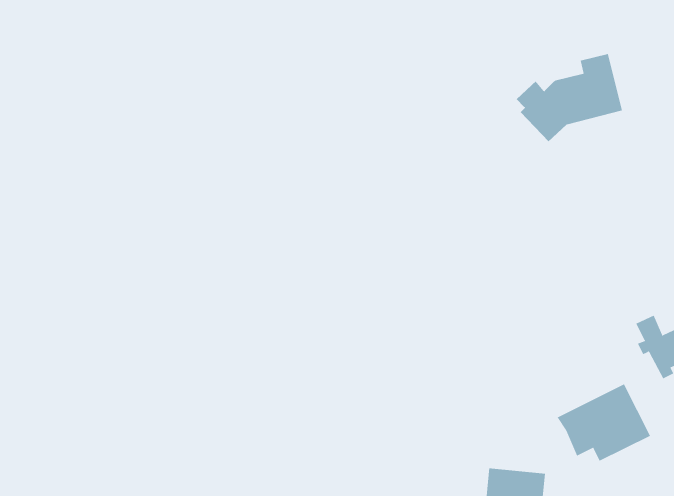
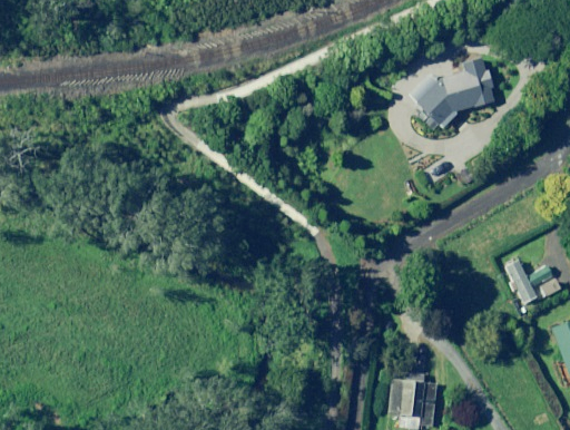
building: [557,383,651,462] -> none

